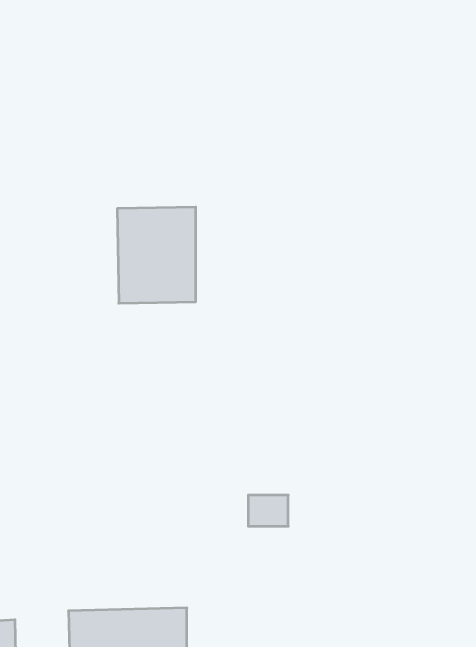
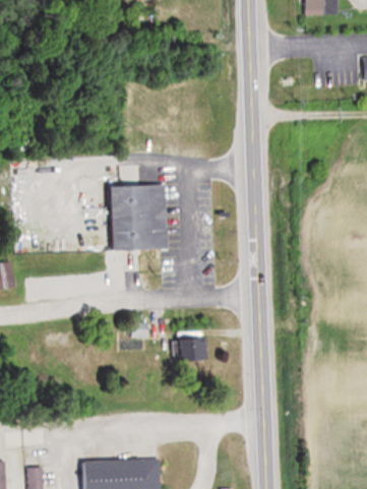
building: [248,495,288,526] -> [180,338,207,359]

